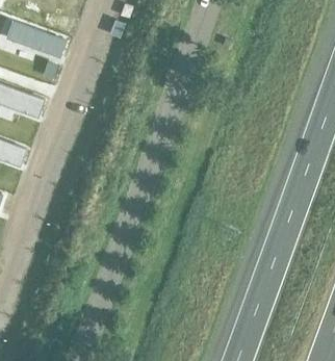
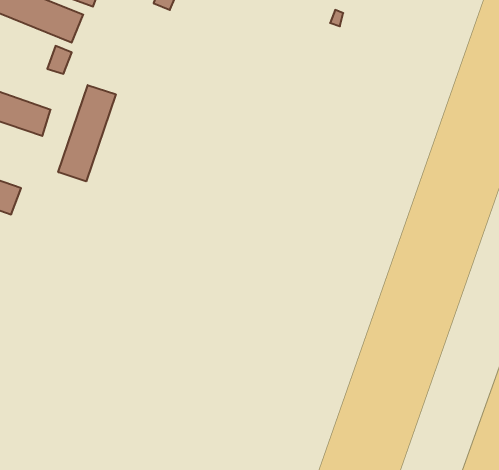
building: none -> [58,85,116,181]

